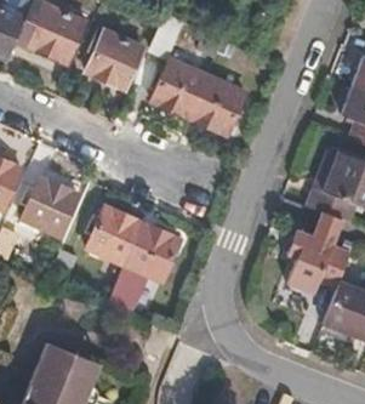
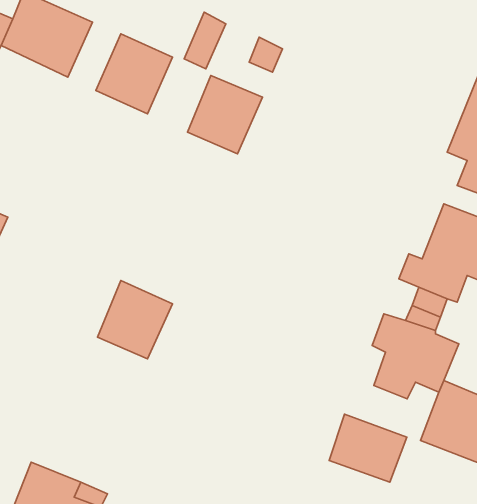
building: [189,75,244,132] -> none
building: [23,172,80,235] -> none
building: [105,226,179,315] -> none
building: none -> [329,414,407,482]

